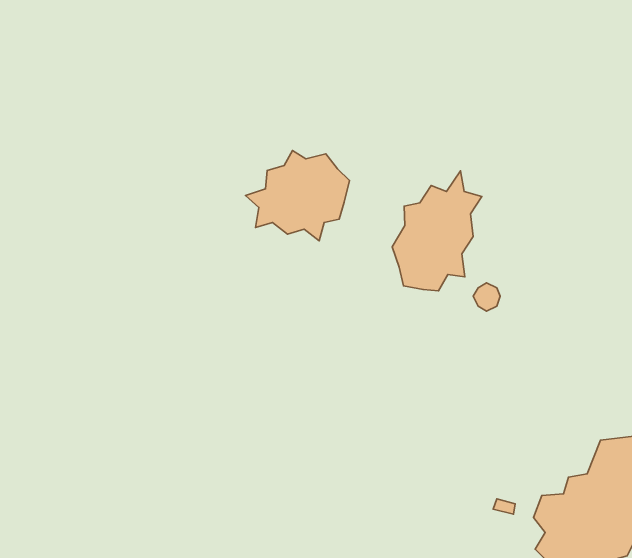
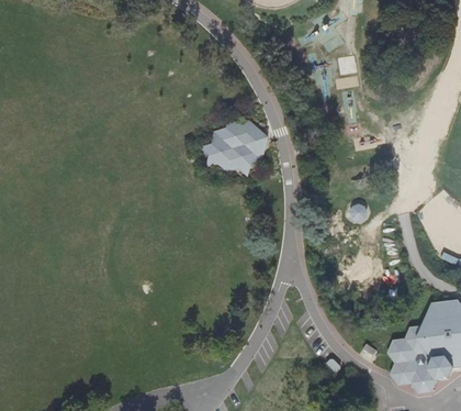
building: [392,171,482,291] -> none

